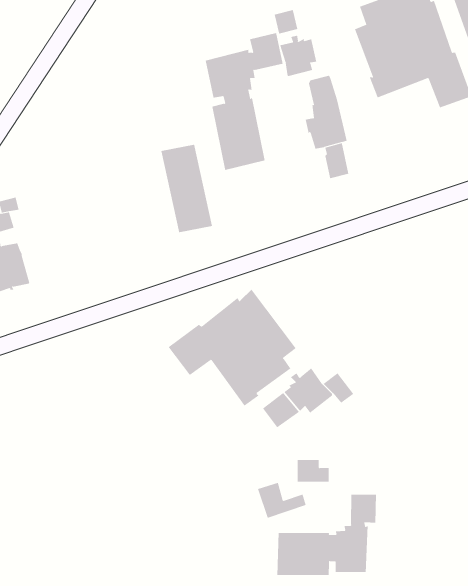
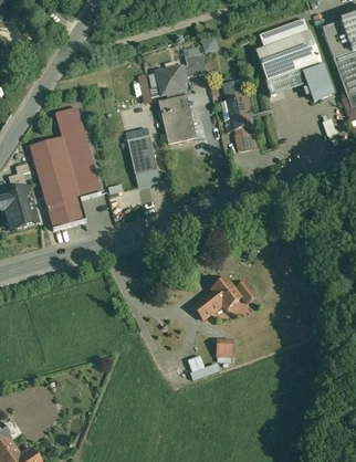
building: [280,35,317,77] -> none
building: none -> [30,106,102,229]
building: [168,289,296,407] -> none
building: [277,494,376,576] -> none

